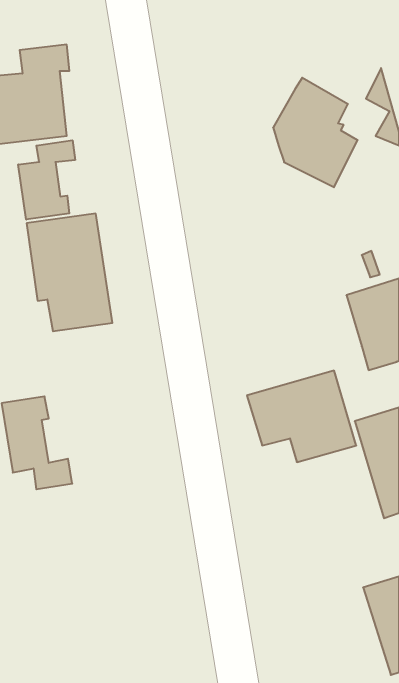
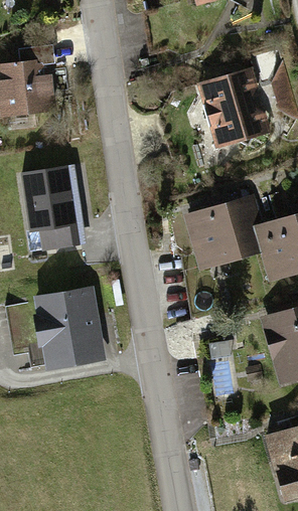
building: [18,140,75,220] -> none
building: [247,371,356,462] -> [184,197,264,264]
building: none -> [34,290,100,362]

